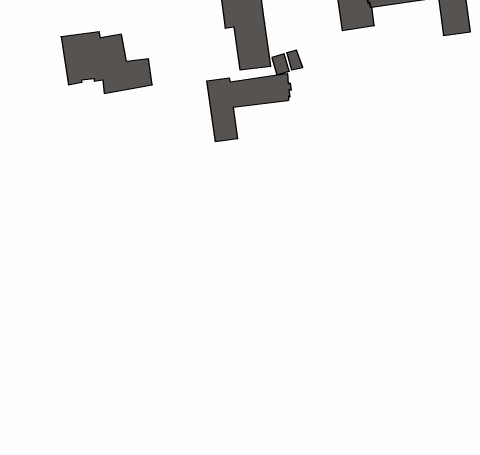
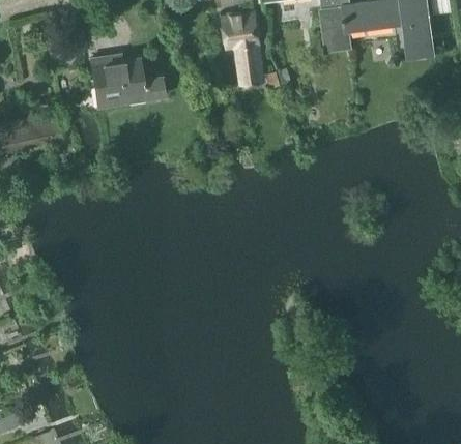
building: [207,73,291,142] -> none

